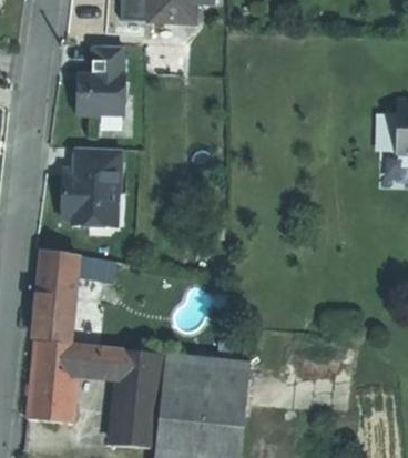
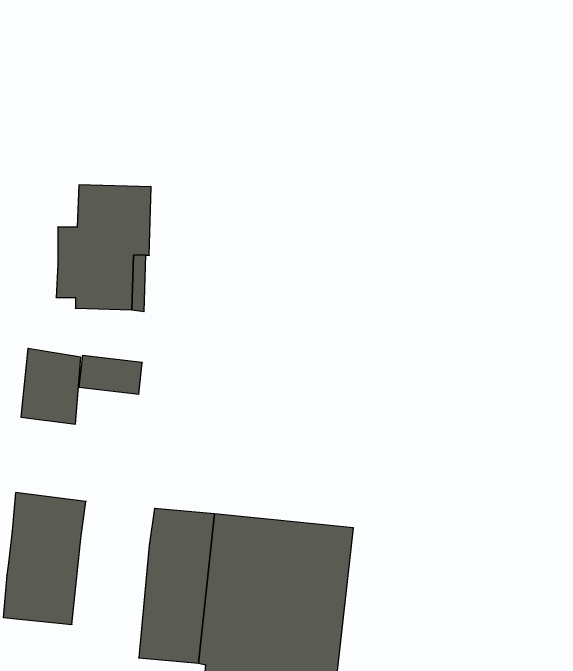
building: [75,44,124,113] -> none
building: [34,292,73,340] -> none
building: [76,345,123,373] -> none

